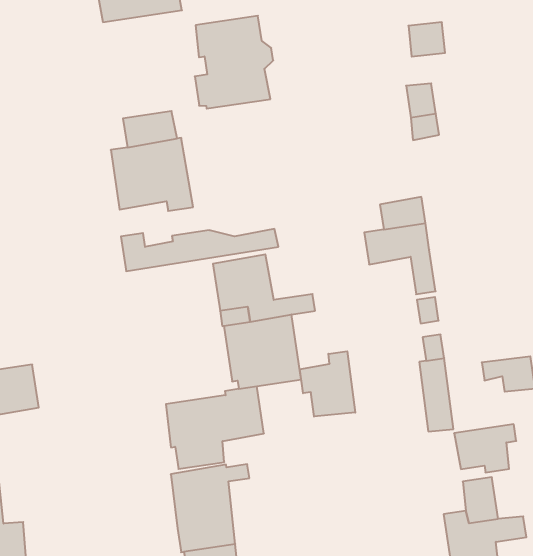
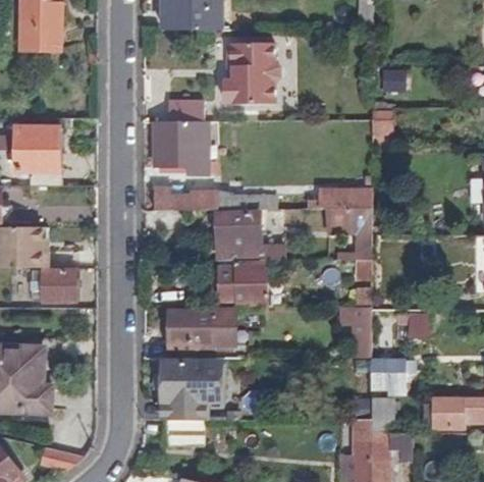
building: [300,351,355,417] -> none

